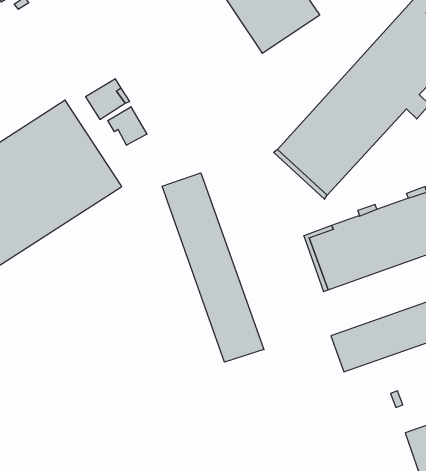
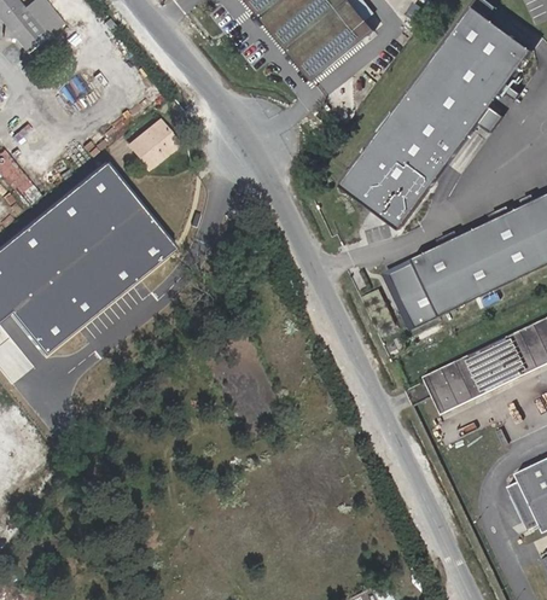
building: [108,107,147,145] -> none
building: [162,173,264,362] -> none

